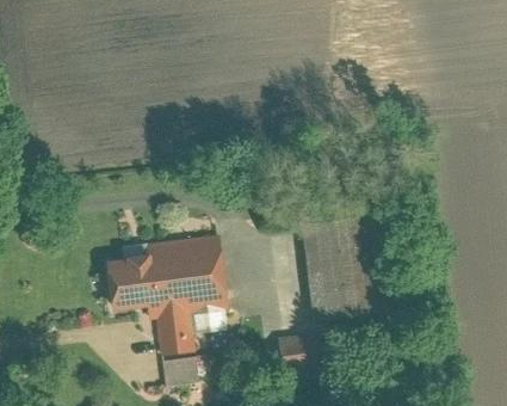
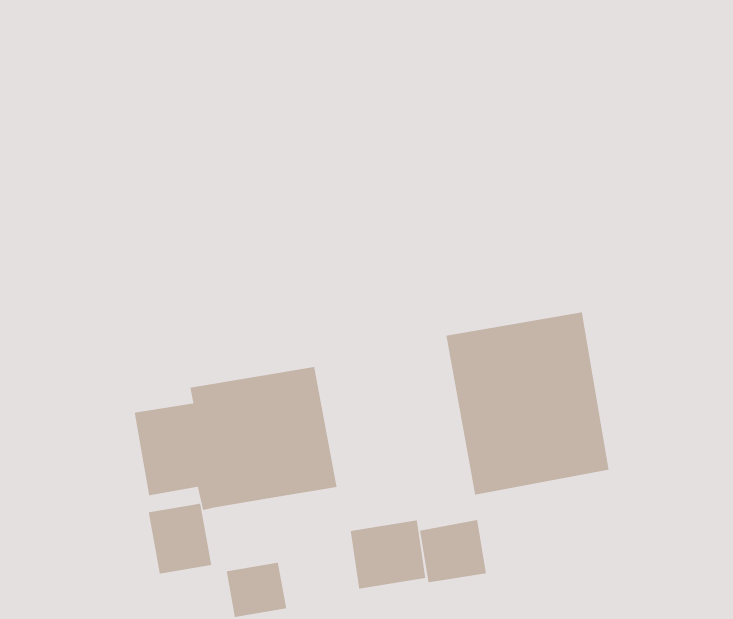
building: [155,315,192,357] -> [148,503,212,574]
building: none -> [350,519,426,590]

